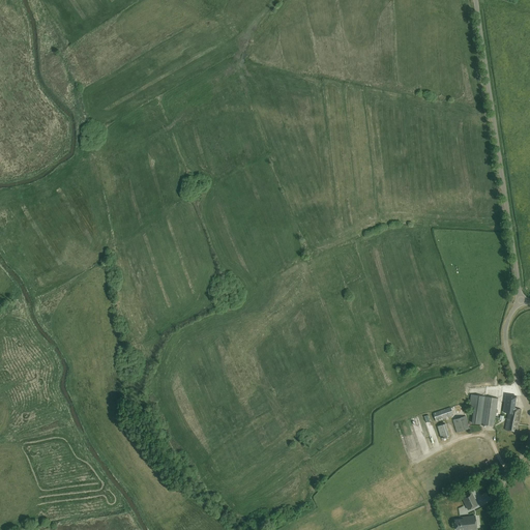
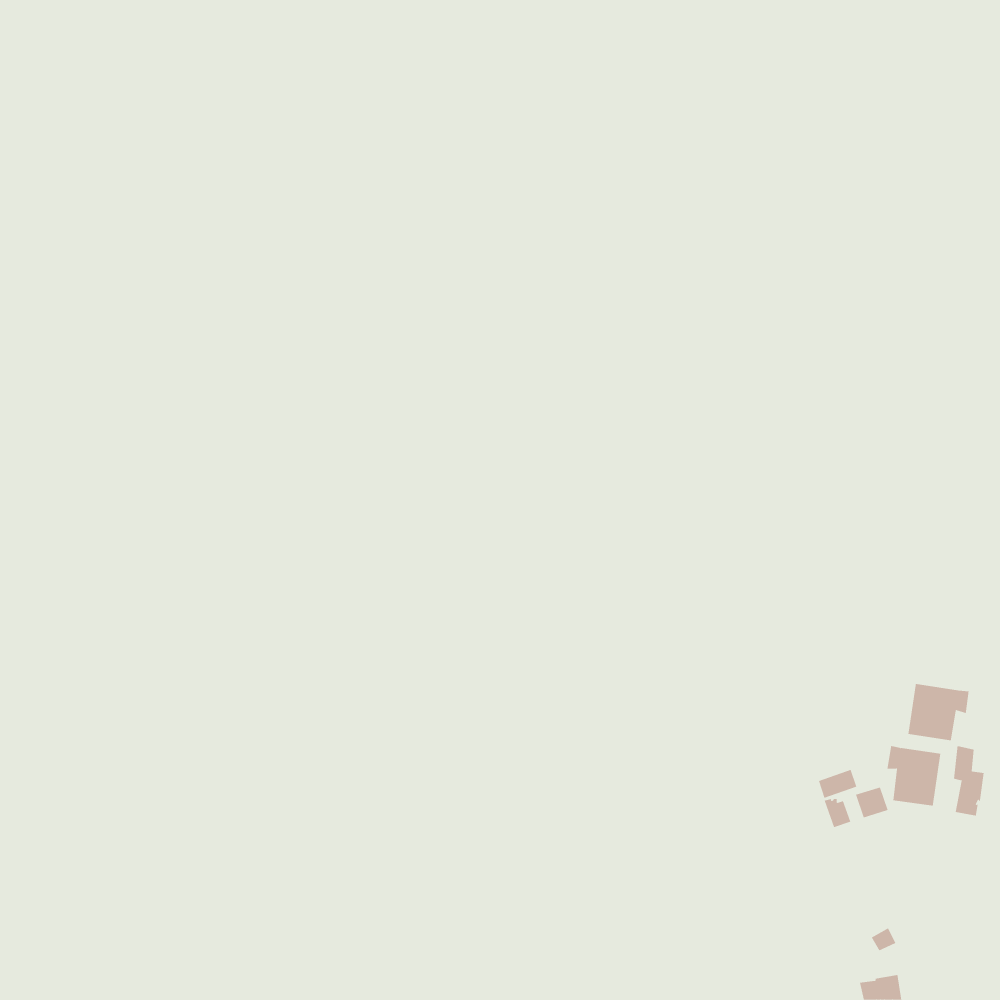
building: none -> [908,683,969,741]

